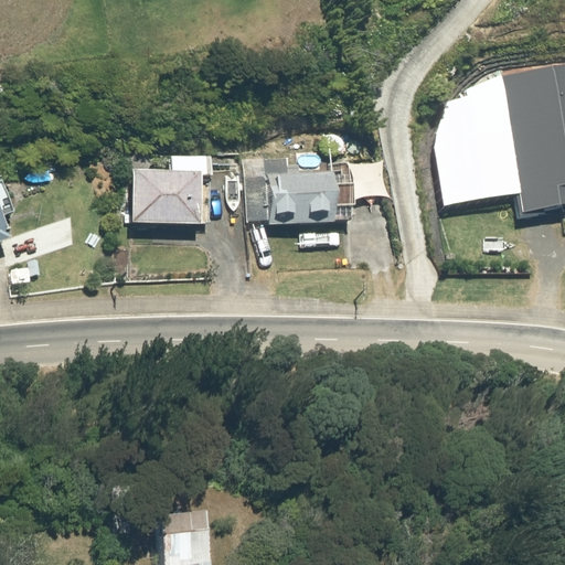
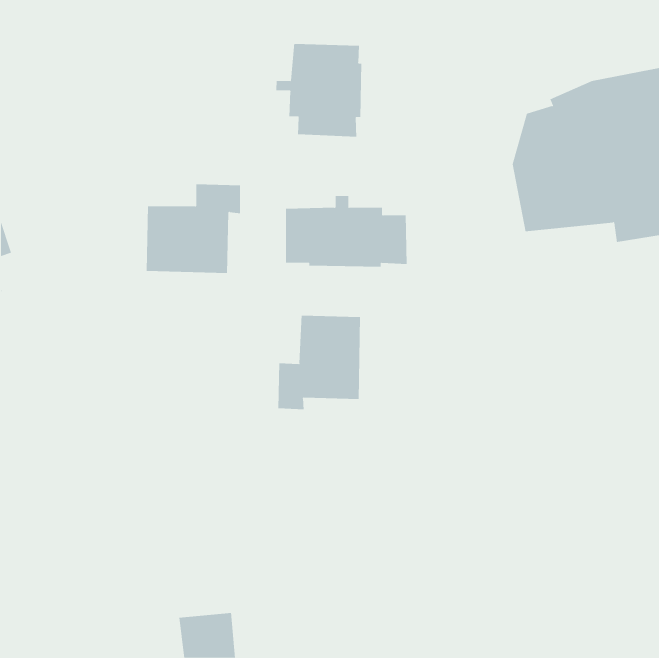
building: none -> [276,43,362,137]
building: none -> [278,315,361,410]

